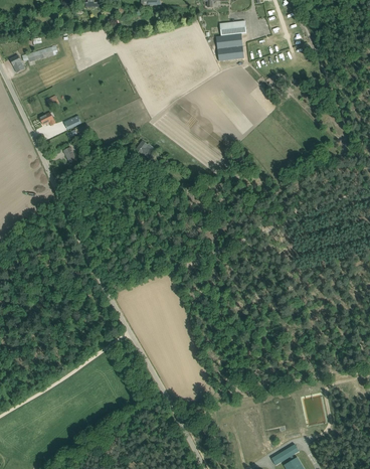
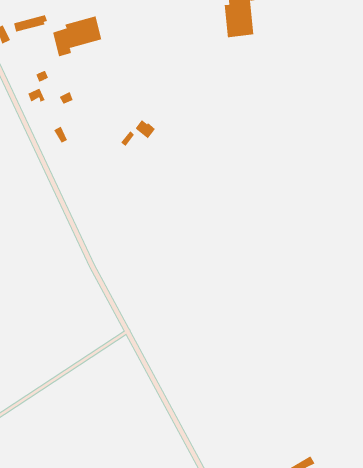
building: none -> [52,15,102,57]

